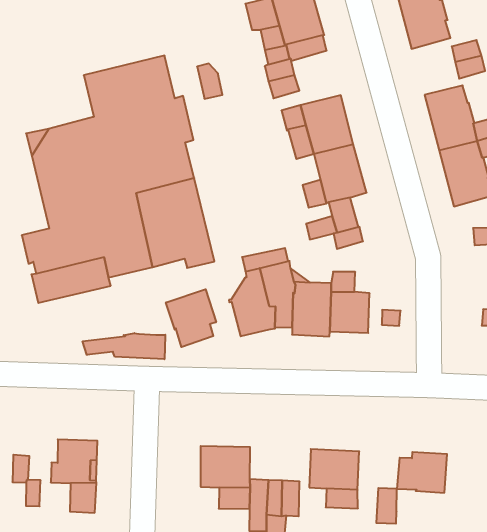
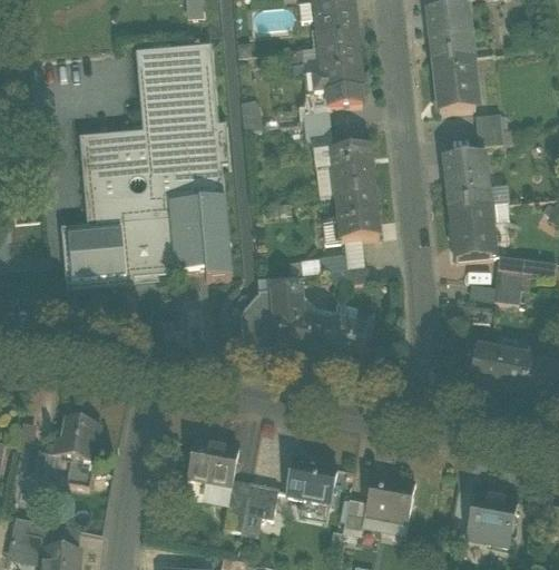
building: none -> [136,43,215,89]
building: [166,289,216,347] -> none
building: [83,333,165,359] -> none
building: none -> [362,505,408,534]

